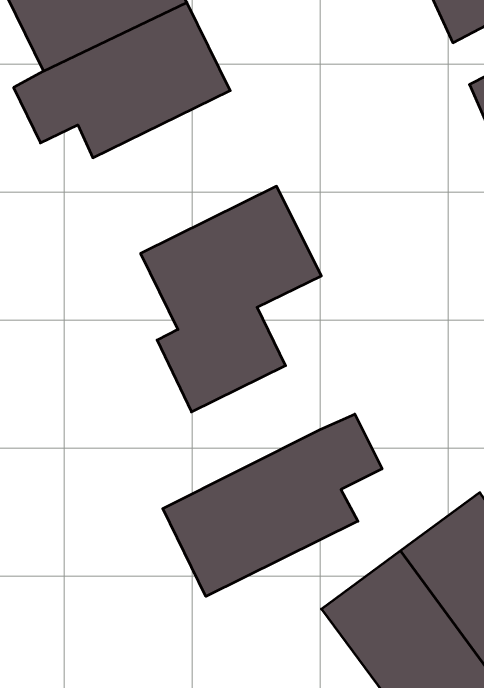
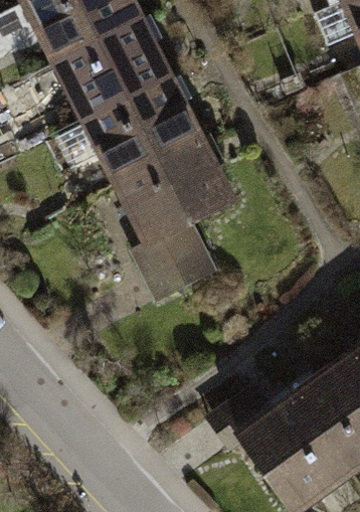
building: none -> [84,82,208,192]
building: [163,414,382,596] -> none

